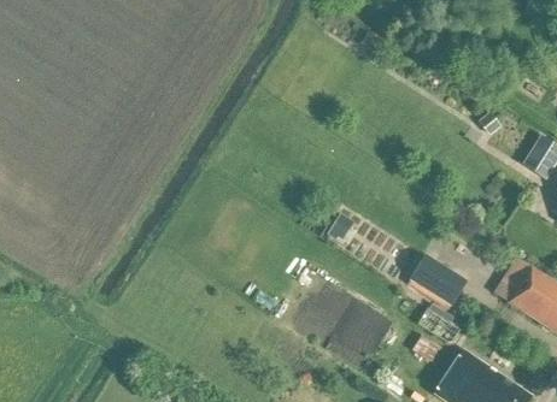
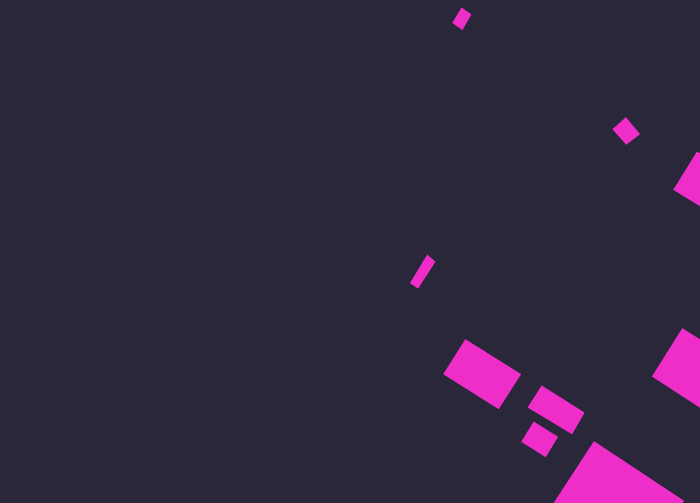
building: [408,253,467,306] -> [442,338,522,410]

